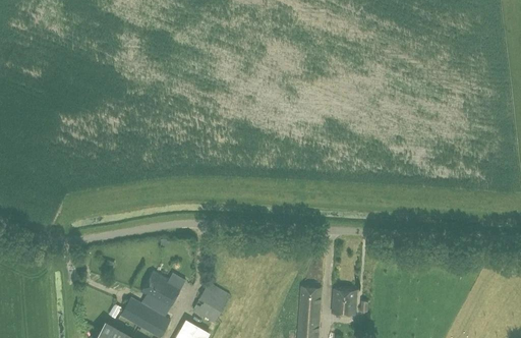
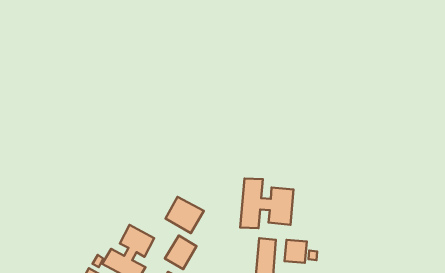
building: none -> [240,178,294,228]
building: none -> [165,197,204,233]

